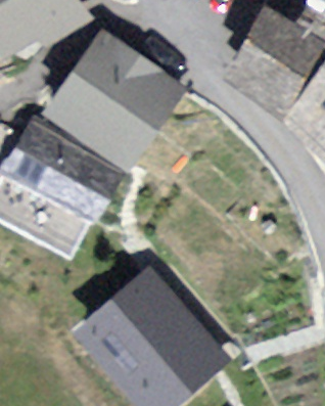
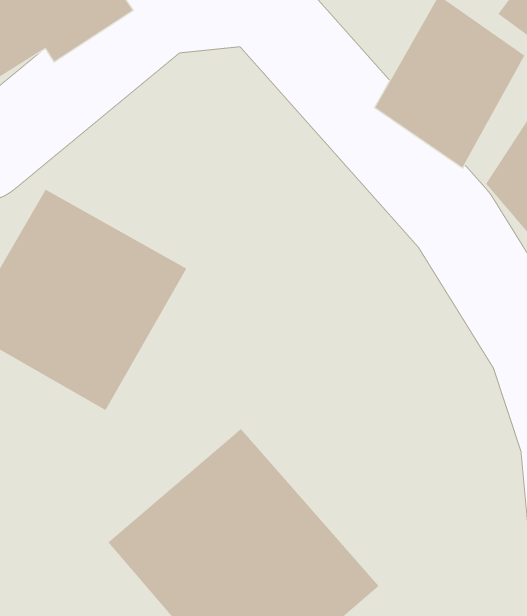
building: [51,33,182,163] -> none

